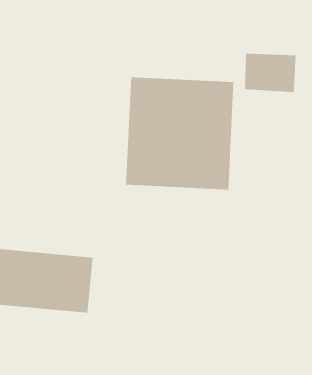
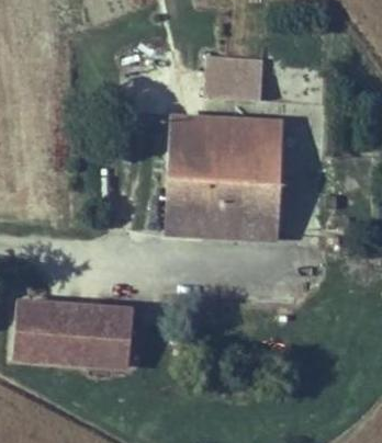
building: [244,53,297,93] -> [205,55,261,98]

